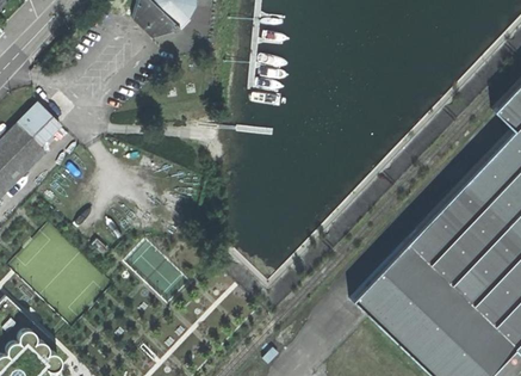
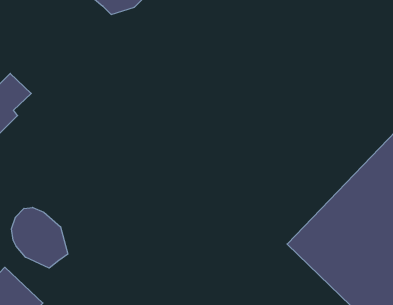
building: none -> [11,207,68,268]

